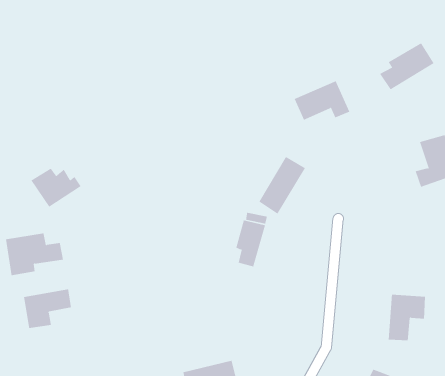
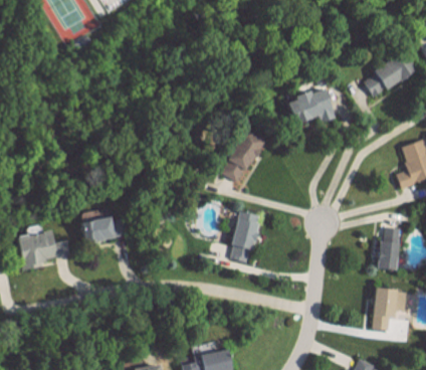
building: [258,156,306,215] -> [220,129,264,183]
building: [31,168,81,208] -> [76,212,124,249]
building: none -> [377,226,401,268]
building: [23,288,72,329] -> none

